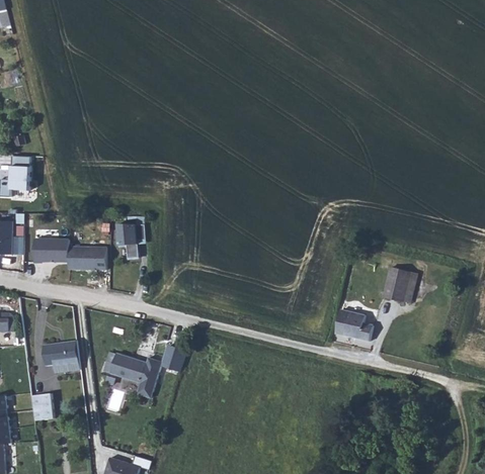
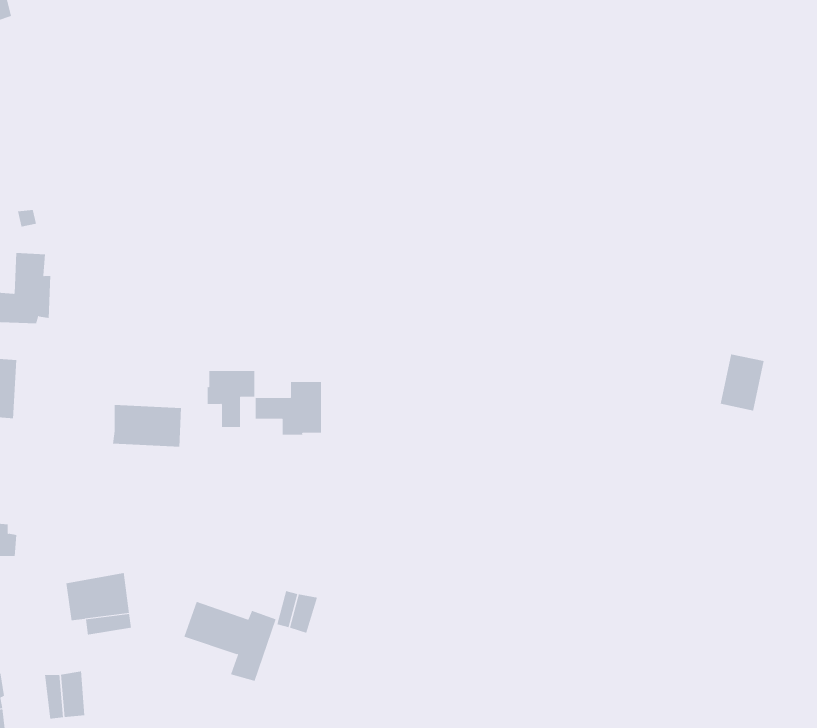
building: none -> [255,381,321,436]
building: [32,234,68,259] -> none
building: [386,267,411,299] -> [720,354,764,411]
building: [336,309,374,342] -> none

